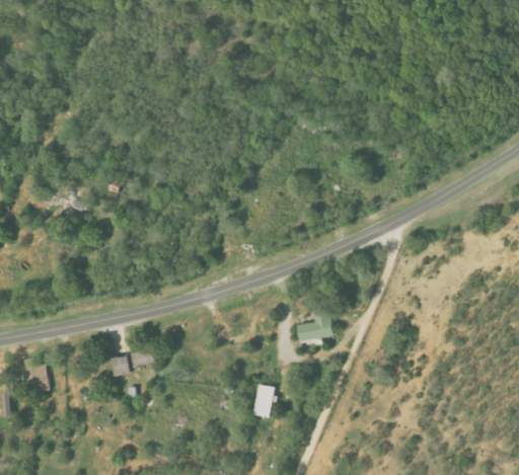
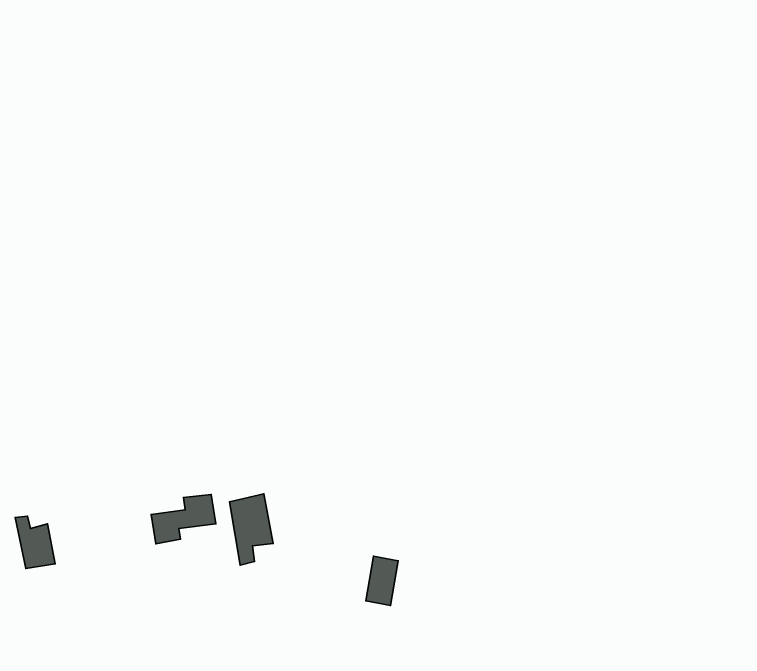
building: [296,312,335,342] -> none
building: none -> [230,494,273,565]

